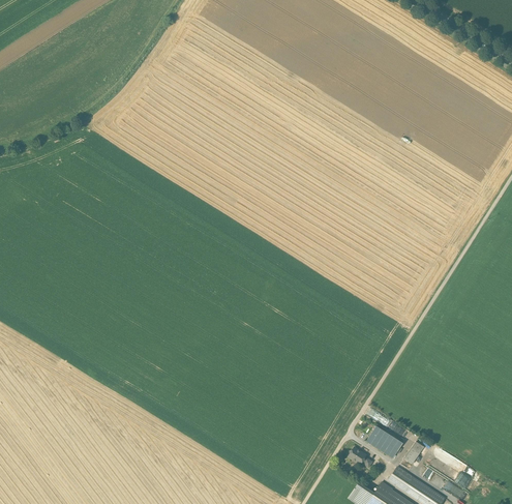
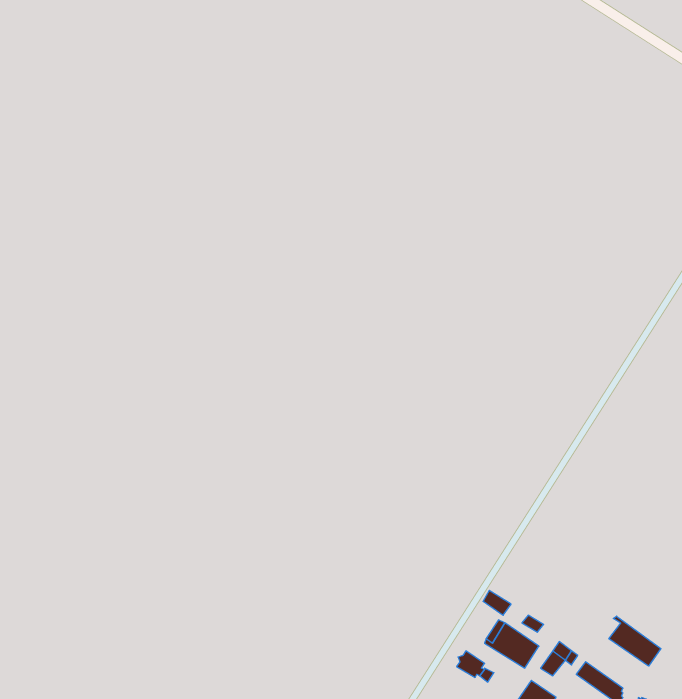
building: none -> [609,616,661,666]

